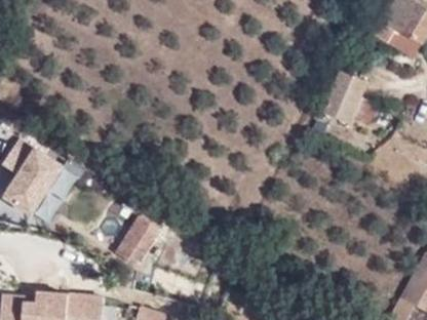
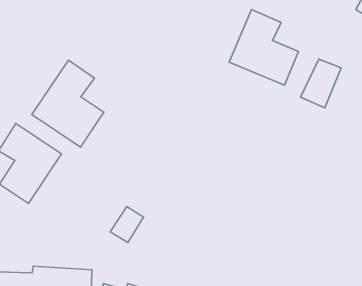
building: none -> [229,10,298,85]
building: none -> [32,60,104,147]

